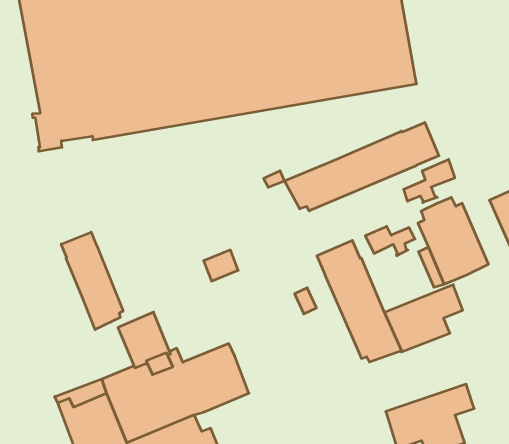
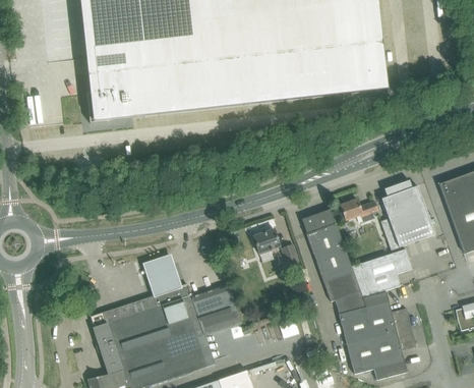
building: [285,122,439,211] -> none
building: [404,159,455,203] -> none
building: [61,232,123,330] -> none
building: [204,250,238,281] -> [253,229,280,253]
building: none -> [337,291,411,344]

